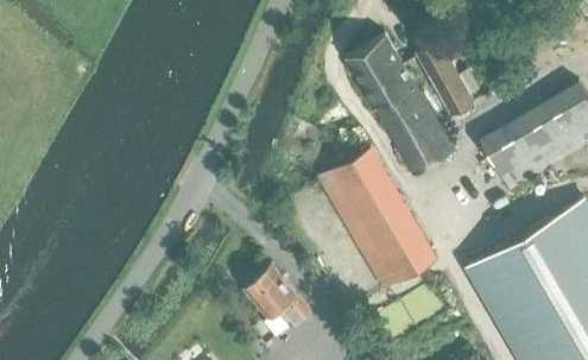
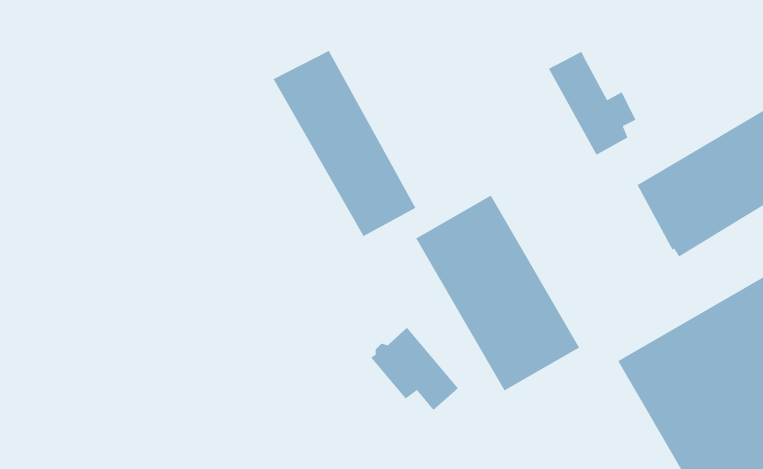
building: [346,38,451,176] -> [273,50,416,237]
building: [245,266,310,328] -> [370,327,459,411]

